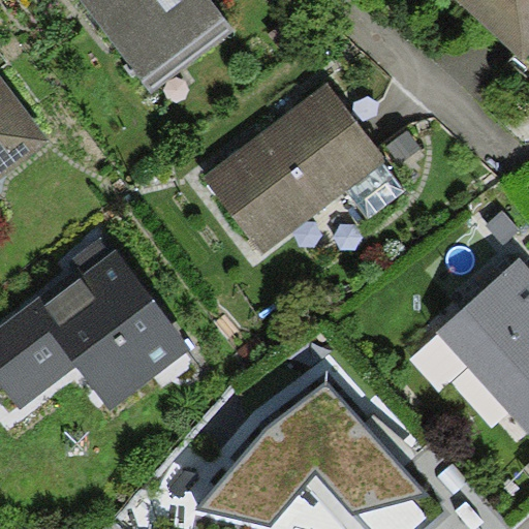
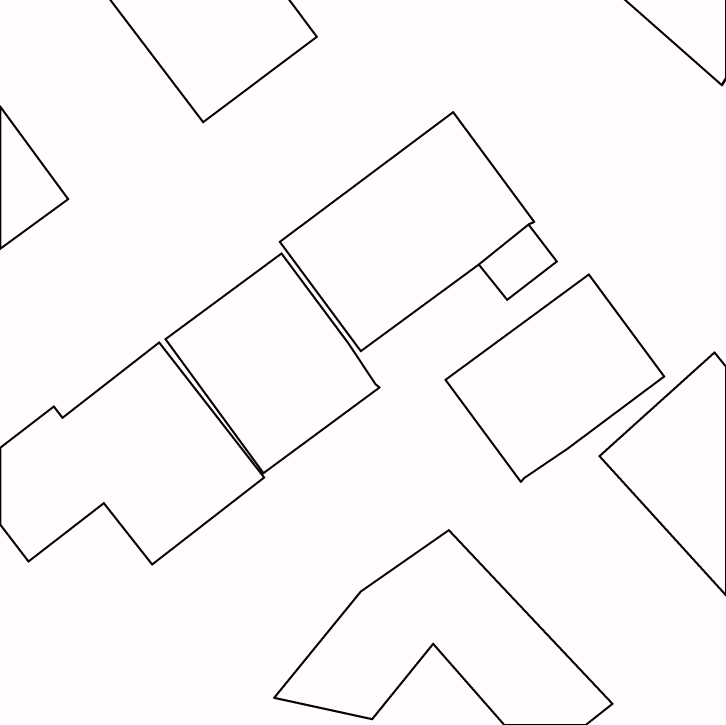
building: none -> [166,254,379,473]
building: none -> [446,275,664,482]

